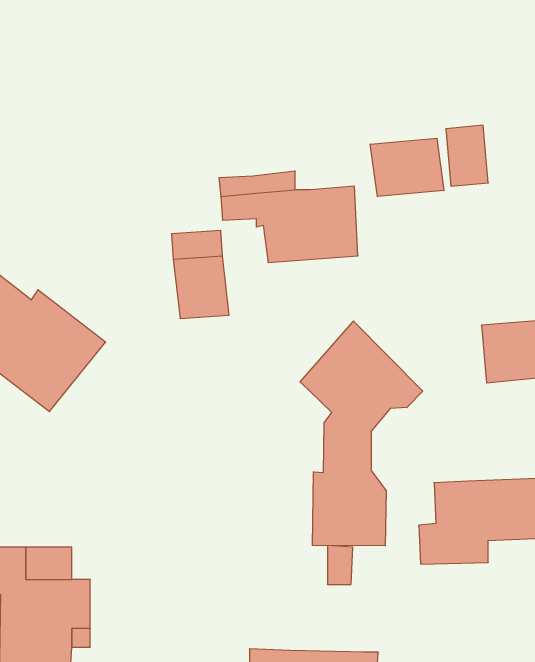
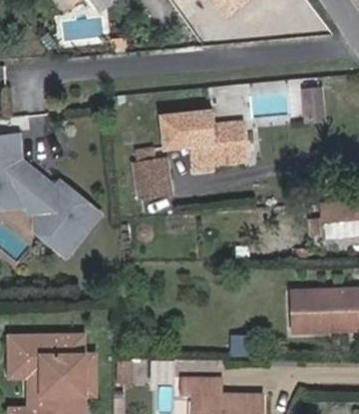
building: [370,138,444,197] -> none
building: [300,321,423,546] -> none
building: none -> [174,372,261,396]

